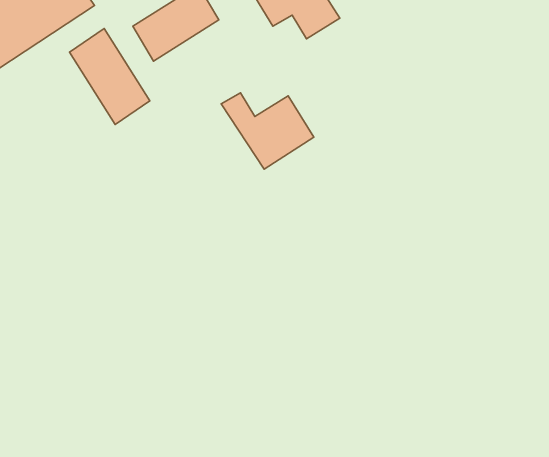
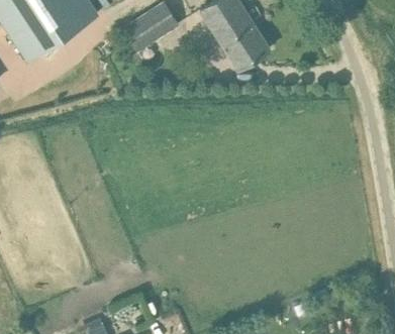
building: [69,28,150,124] -> none
building: [221,93,314,169] -> [211,21,270,70]

